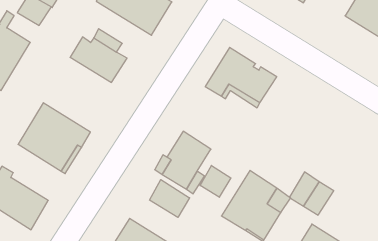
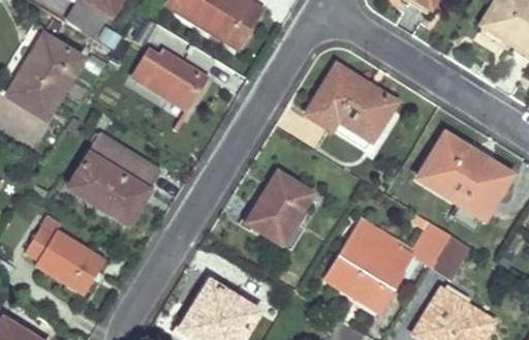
building: none -> [417,133,510,219]
building: [200,165,231,197] -> none
building: [150,180,190,217] -> none

